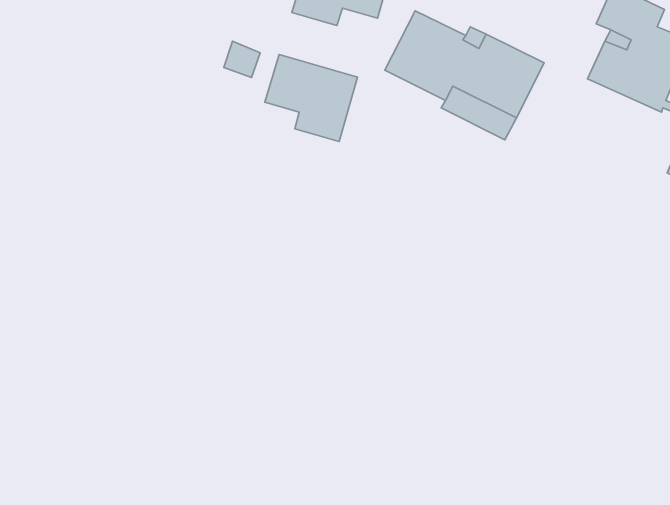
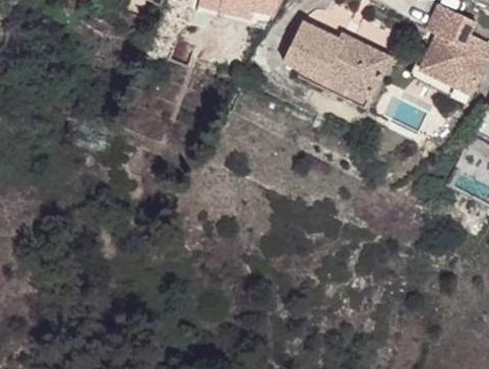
building: [265,54,357,142] -> none

